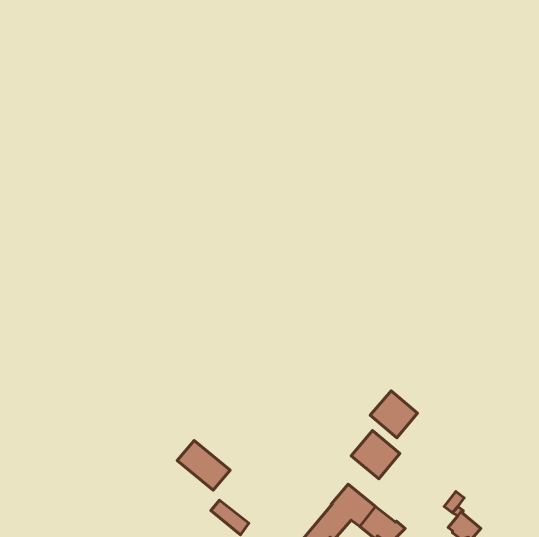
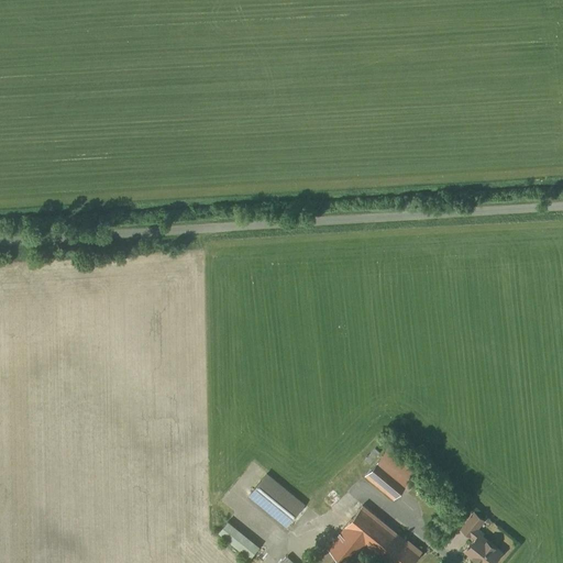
building: [370,391,418,438] -> none
building: [177,441,230,490] -> [250,475,305,527]

